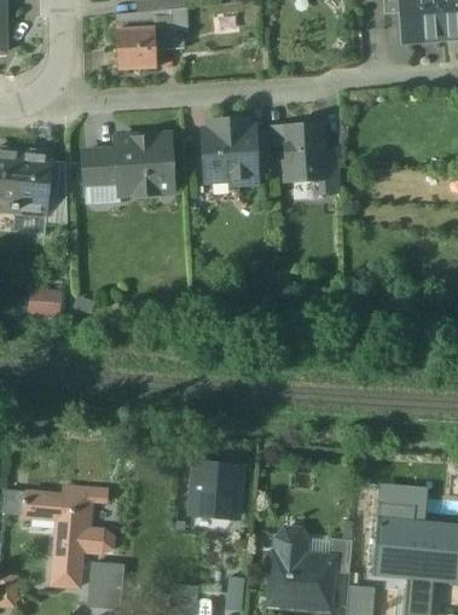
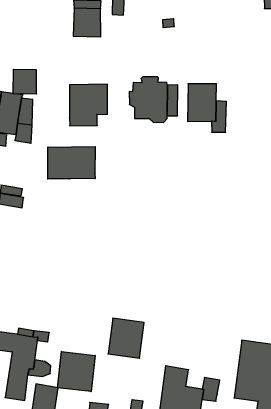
building: [83,150,118,185] -> [13,69,37,94]
building: none -> [48,147,95,179]
building: none -> [57,351,95,392]

